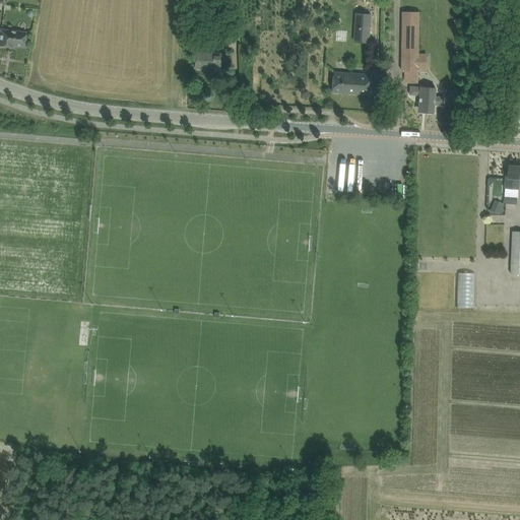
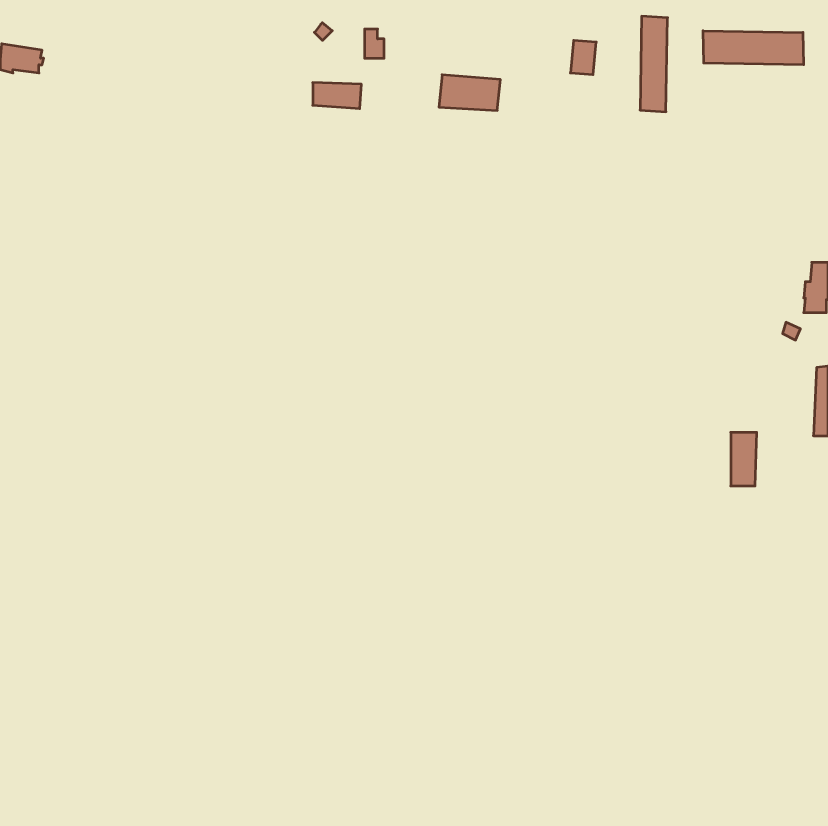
building: none -> [703,31,804,65]
building: [332,71,371,93] -> [439,75,500,110]
building: [409,85,436,112] -> none

